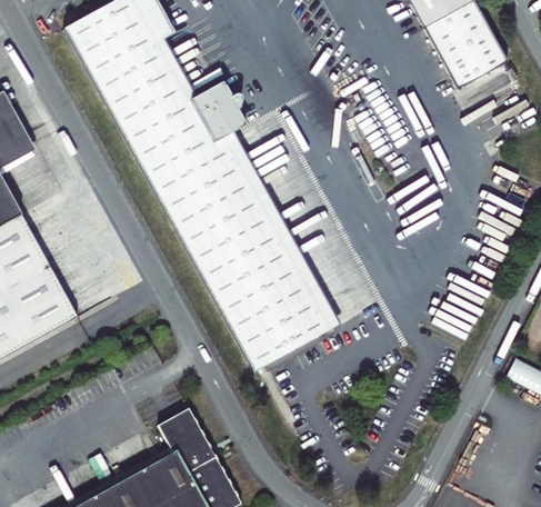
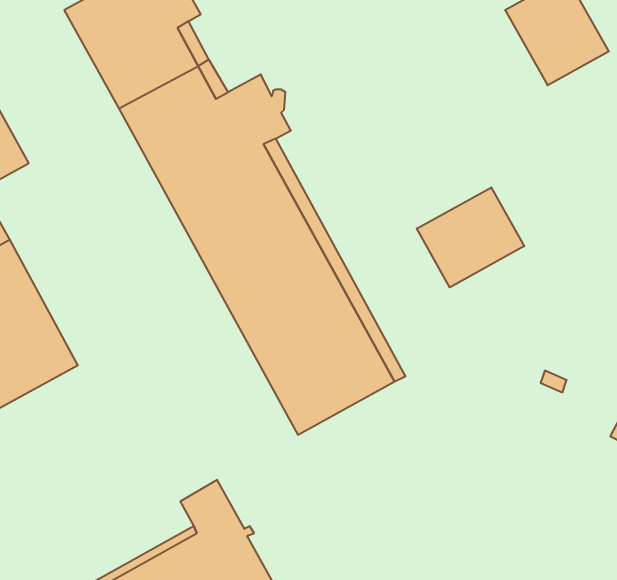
building: none -> [417,187,524,287]

